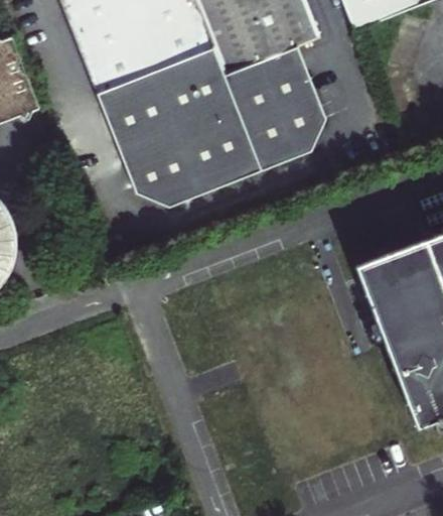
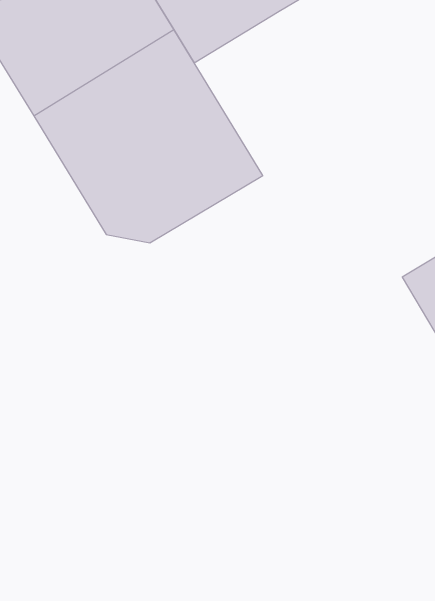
building: [226,45,325,168] -> none

